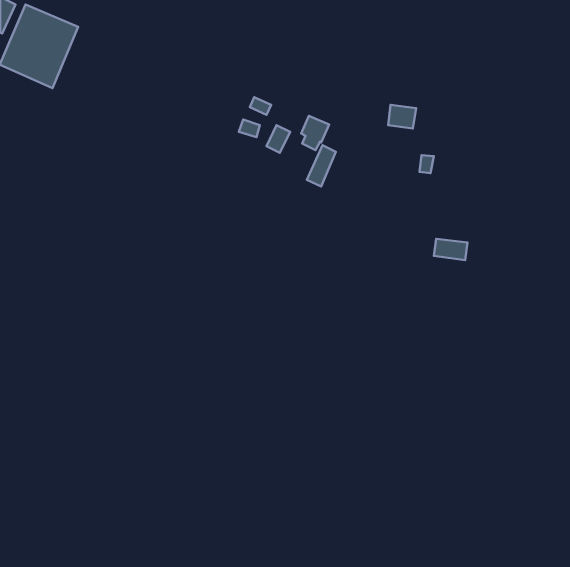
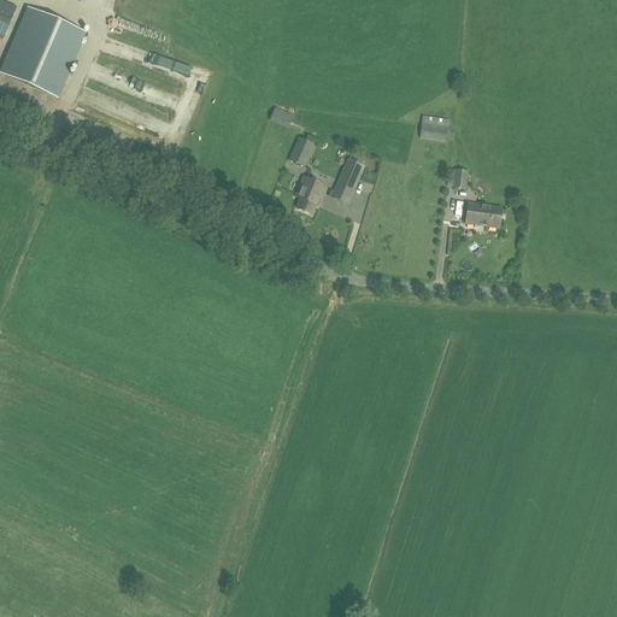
building: [301,116,329,150] -> [295,175,325,212]
building: [434,239,467,260] -> [465,202,501,225]

